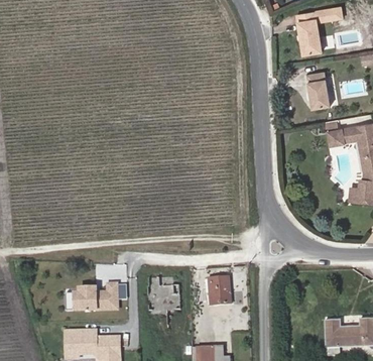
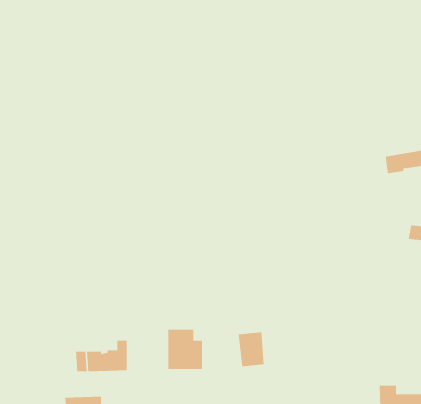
building: [296,9,341,56] -> none
building: [308,72,333,110] -> none

